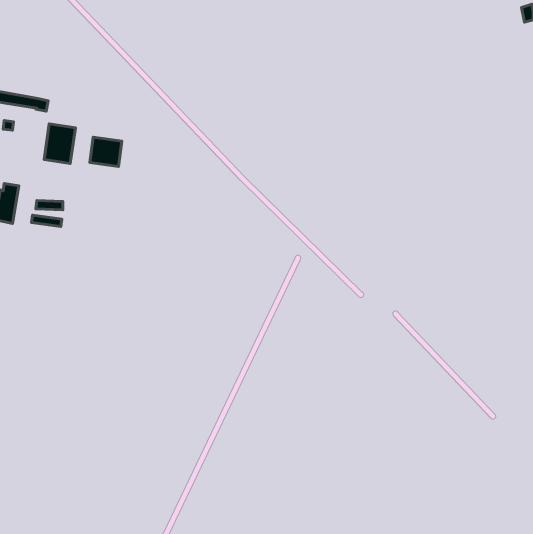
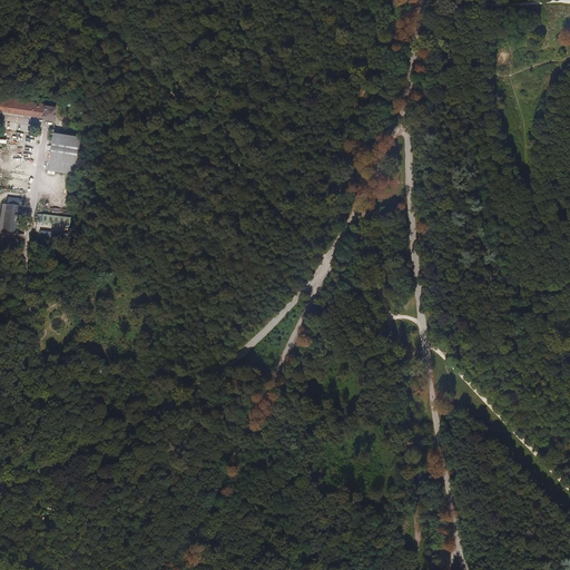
building: [90,137,122,167] -> none

